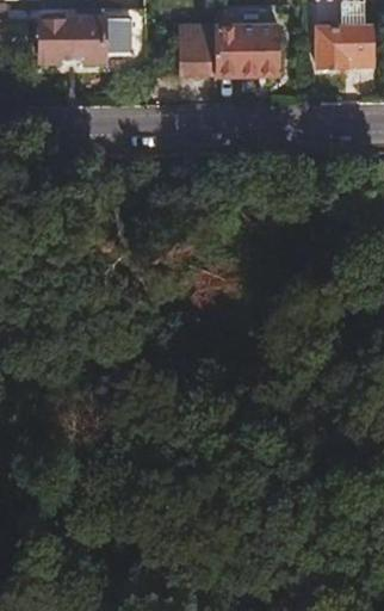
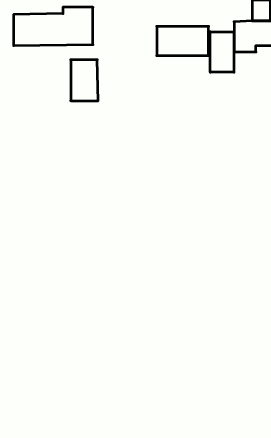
building: [179,19,215,73] -> [71,60,98,101]
building: none -> [210,32,234,72]

